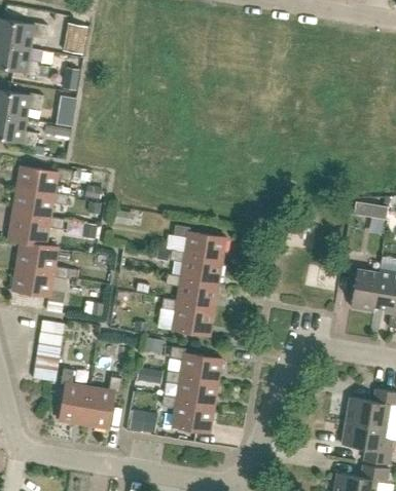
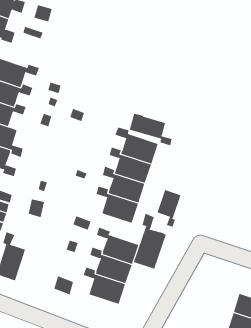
building: none -> [129,113,172,146]
building: none -> [157,189,181,227]
building: none -> [133,213,166,269]
building: [83,377,121,429] -> none

